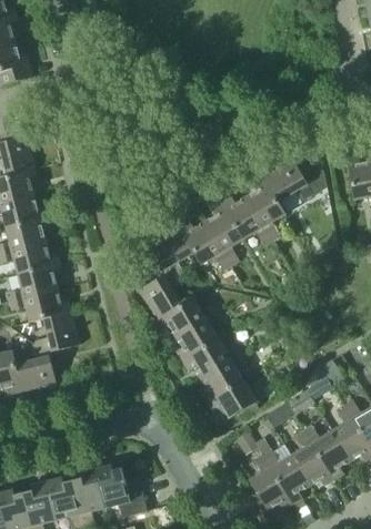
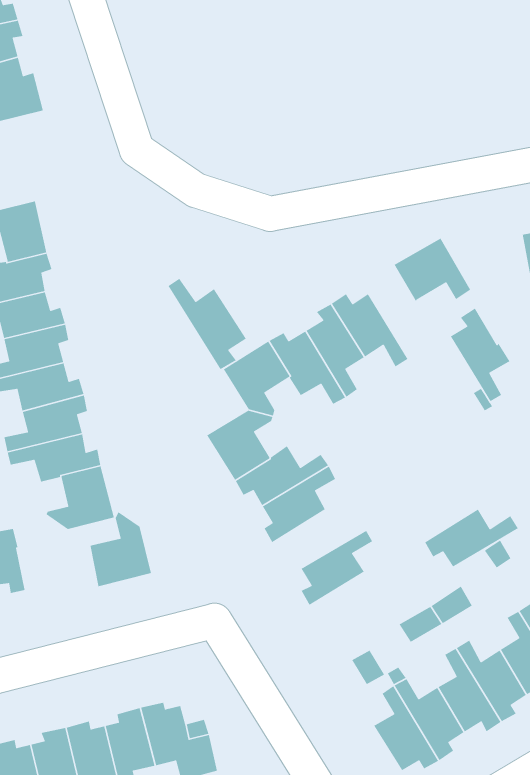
building: [245,179,285,241] -> [450,307,511,402]
building: none -> [167,278,247,370]
building: [182,339,244,378] -> [424,508,519,567]
building: [14,343,56,393] -> [90,511,152,587]
building: [207,380,260,420] -> none

